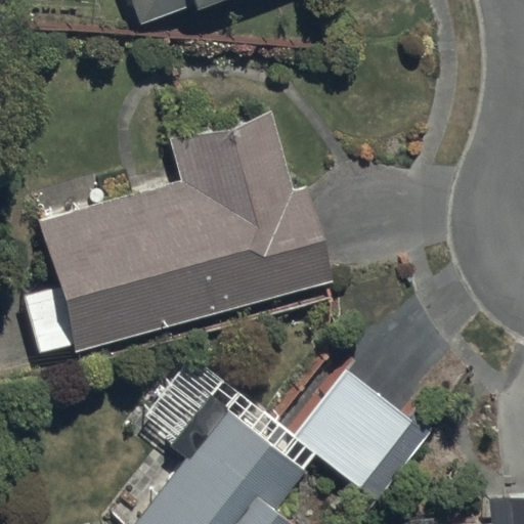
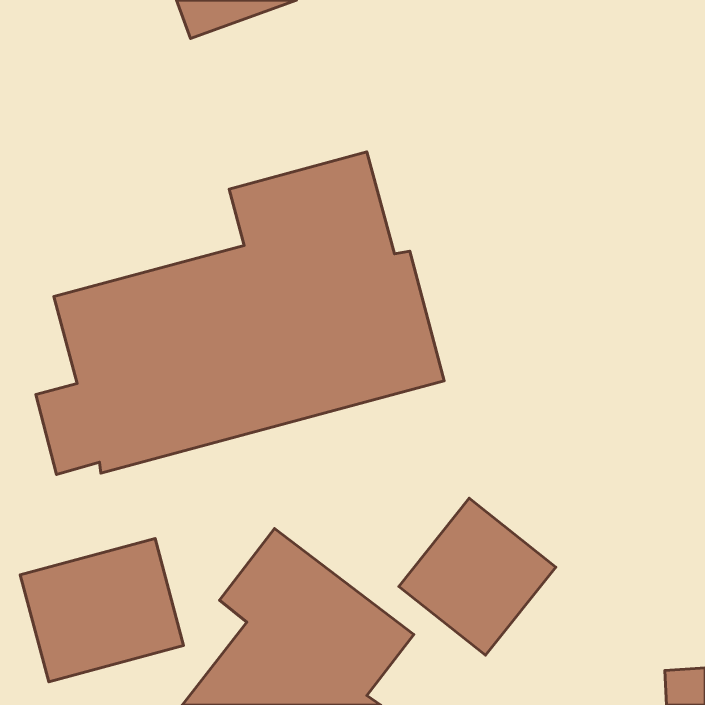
building: none -> [20,539,184,682]

